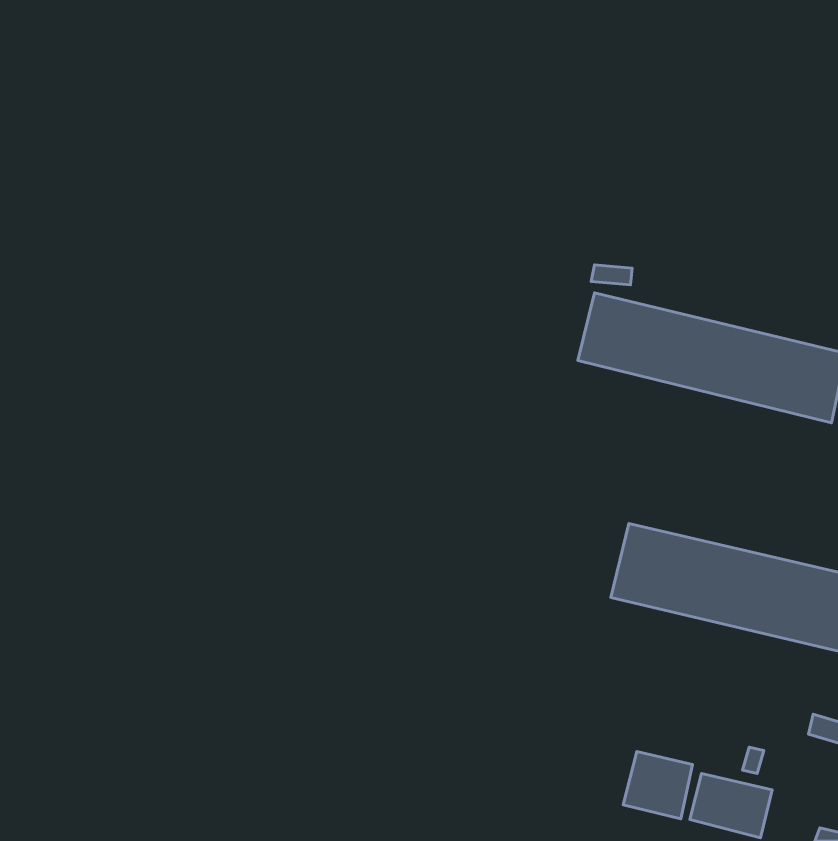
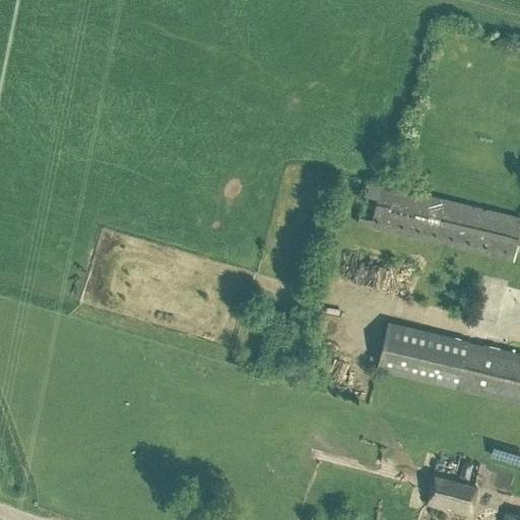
building: [623,751,693,819] -> none

